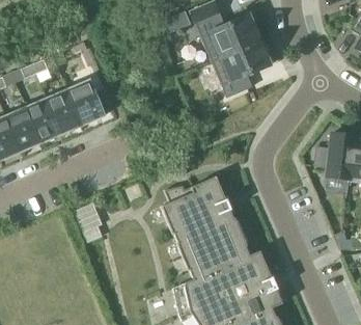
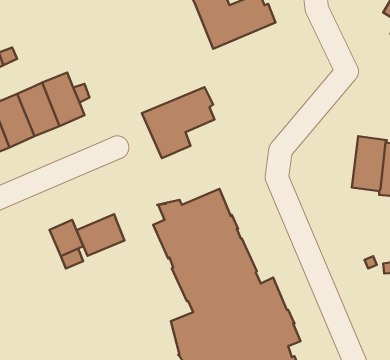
building: [211,37,271,97] -> [142,87,214,158]
building: none -> [76,214,124,256]

